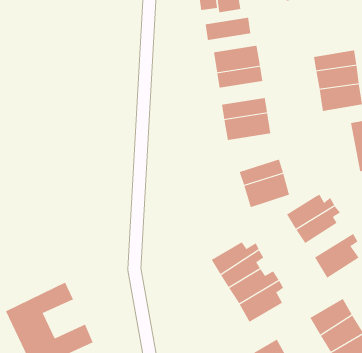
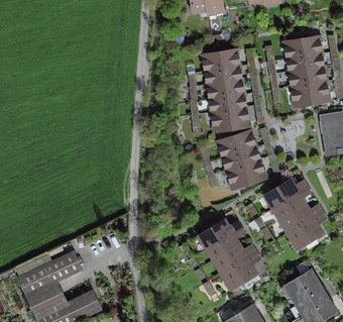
building: [205,17,251,41] -> [205,80,245,100]
building: none -> [283,34,323,59]
building: none -> [217,130,257,158]
building: none -> [279,203,322,233]

